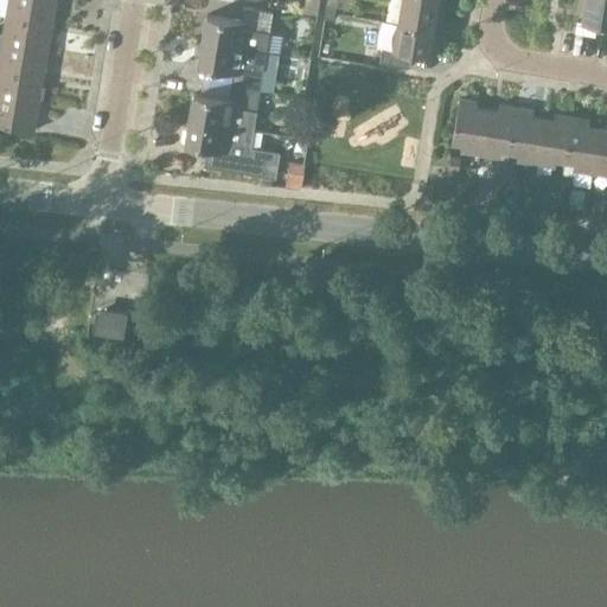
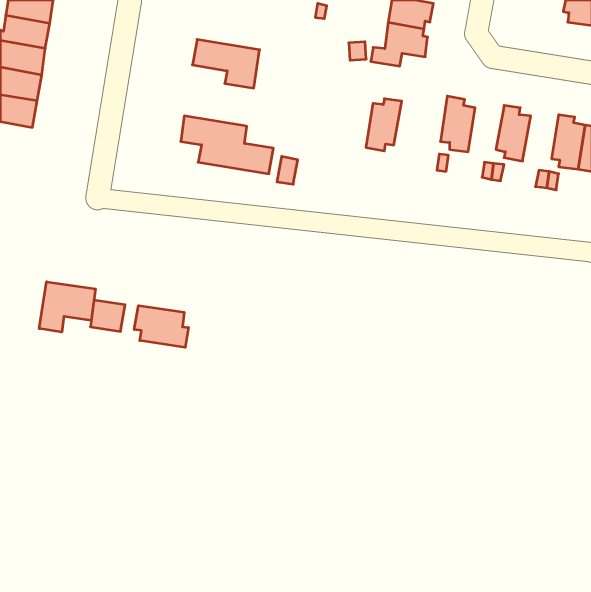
building: [203,7,273,51] -> none
building: [190,85,261,129] -> none
building: [480,106,517,159] -> [366,99,402,151]
building: [536,114,573,167] -> none
building: none -> [39,282,95,332]
building: none -> [134,306,188,347]

